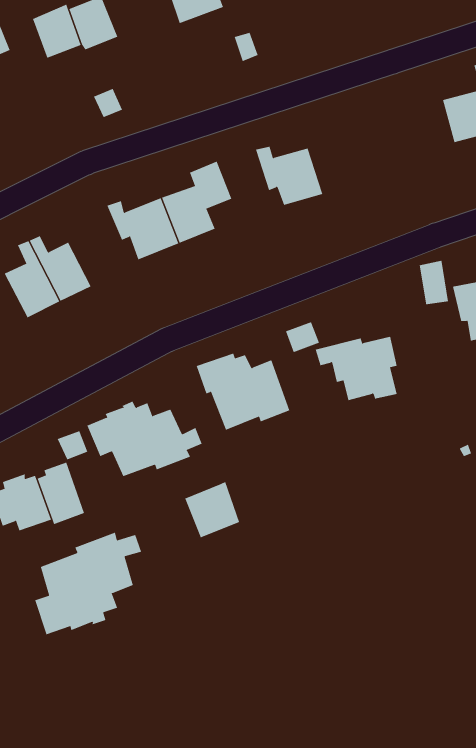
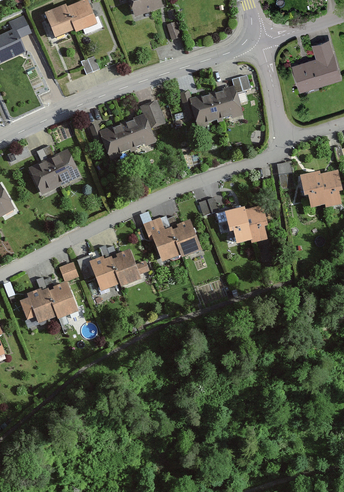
building: none -> [211,74,251,120]
building: [185,481,240,538] -> none
building: [34,532,142,635] -> none

